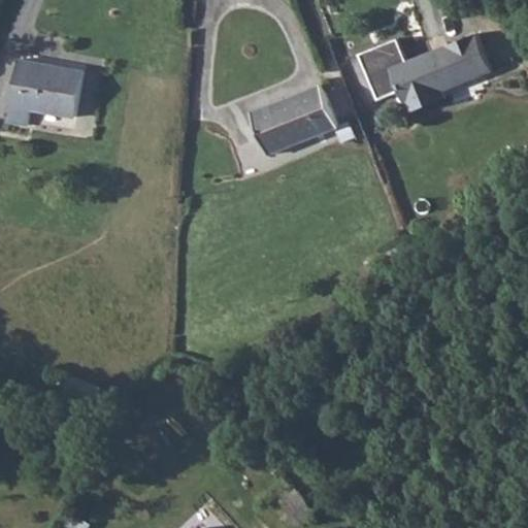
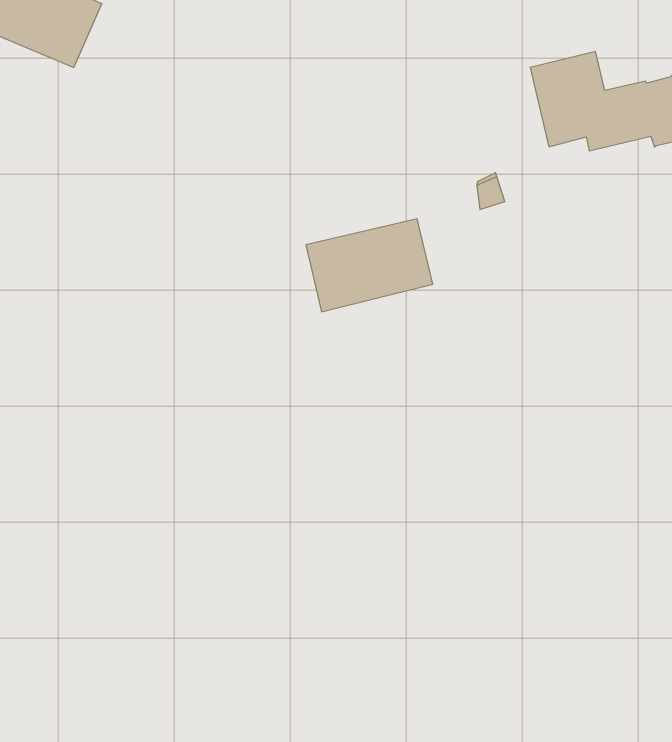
building: [246,76,327,141] -> [306,219,433,312]

